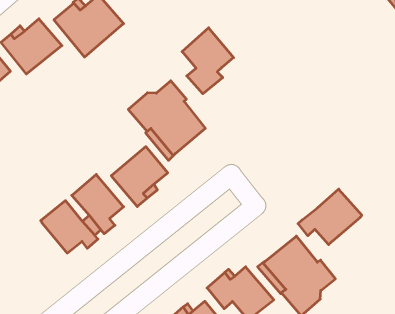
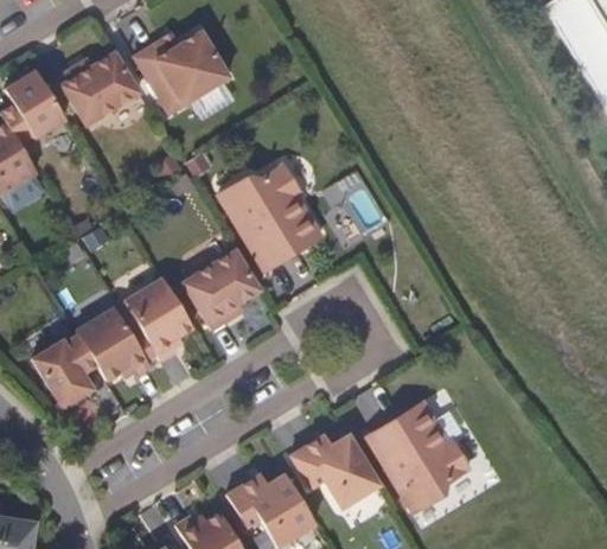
building: [182,28,234,94] -> none
building: [298,189,362,245] -> none
building: none -> [31,333,96,406]

